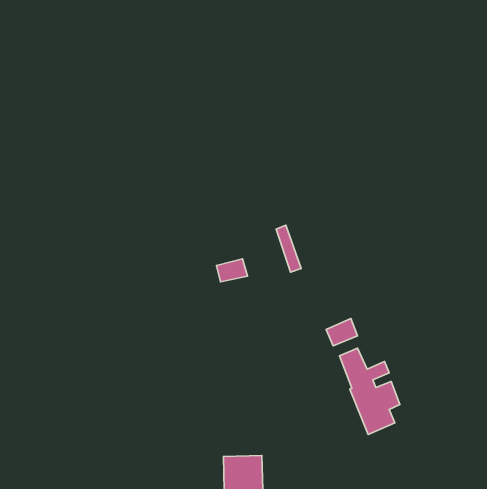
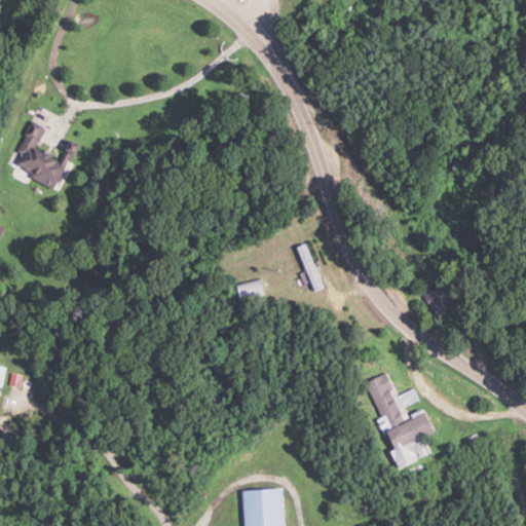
building: none -> [9,122,63,188]
building: [326,318,357,346] -> none

